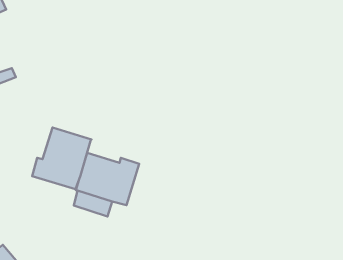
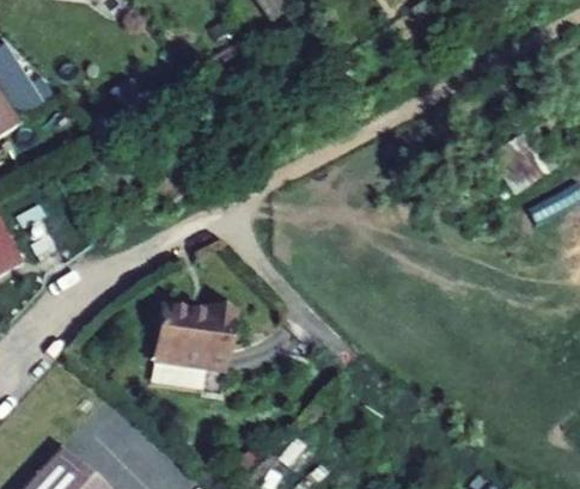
building: [32,127,91,189] -> none

